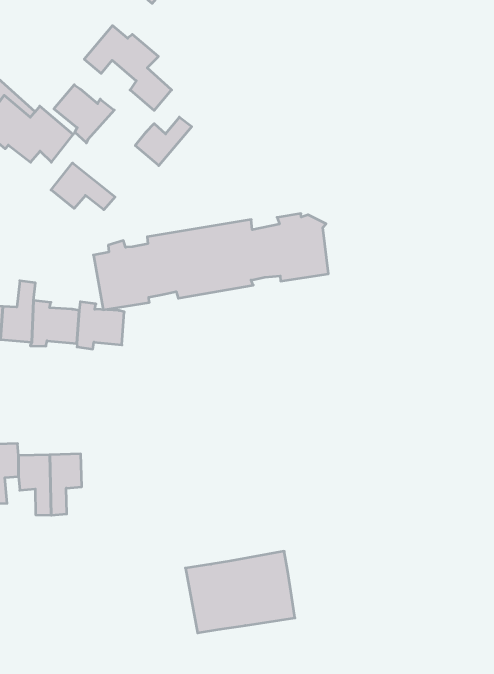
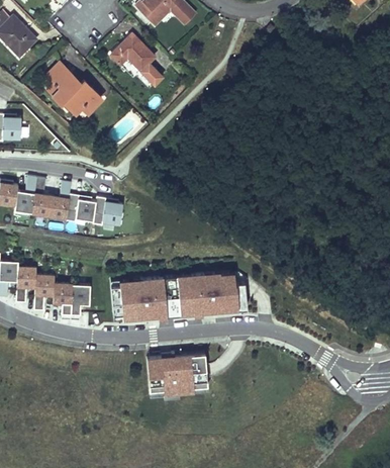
building: [54,85,114,143] -> none
building: [135,117,192,166] -> none
building: [51,163,115,210] -> none
building: [93,214,328,310] -> [110,272,248,318]

